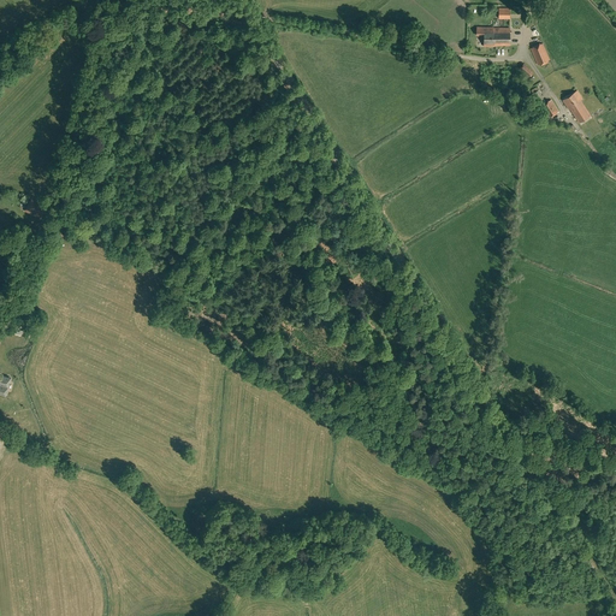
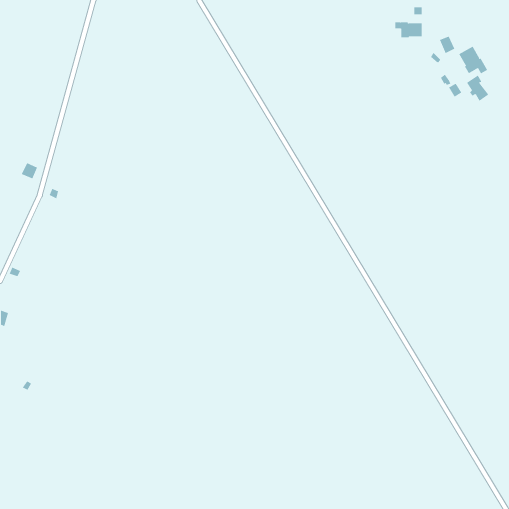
building: none -> [459,46,488,74]

